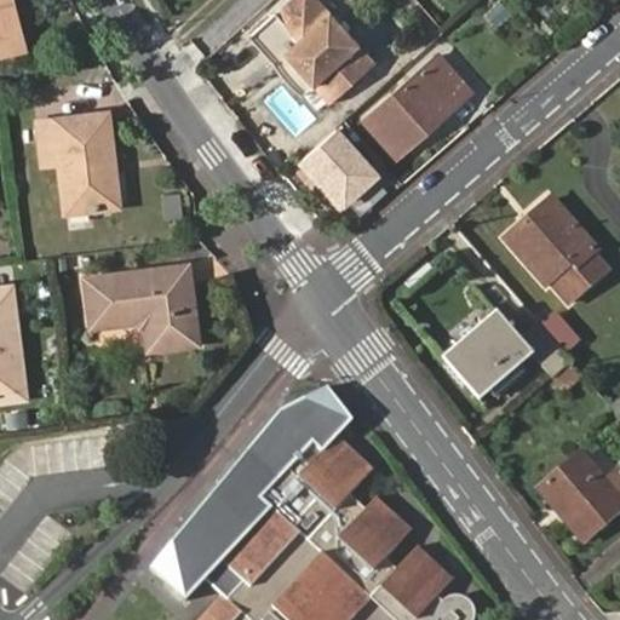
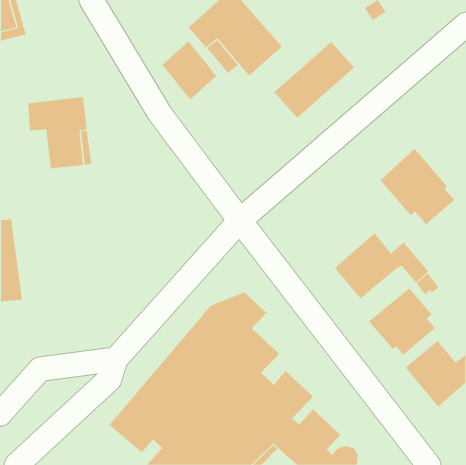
building: [303,128,377,208] -> [161,40,217,101]
building: [91,269,200,343] -> none
building: none -> [368,288,436,356]

